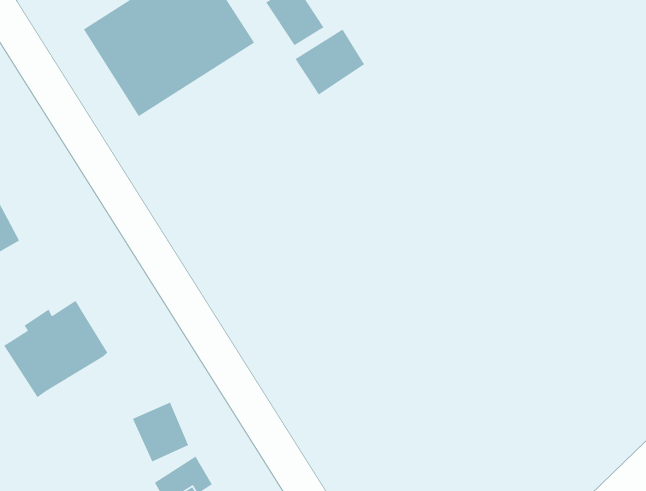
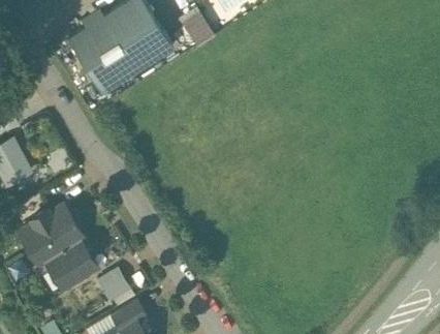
building: [294,29,365,96] -> none
building: none -> [45,240,97,289]

